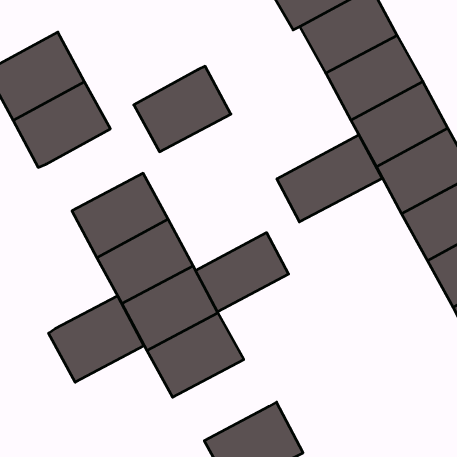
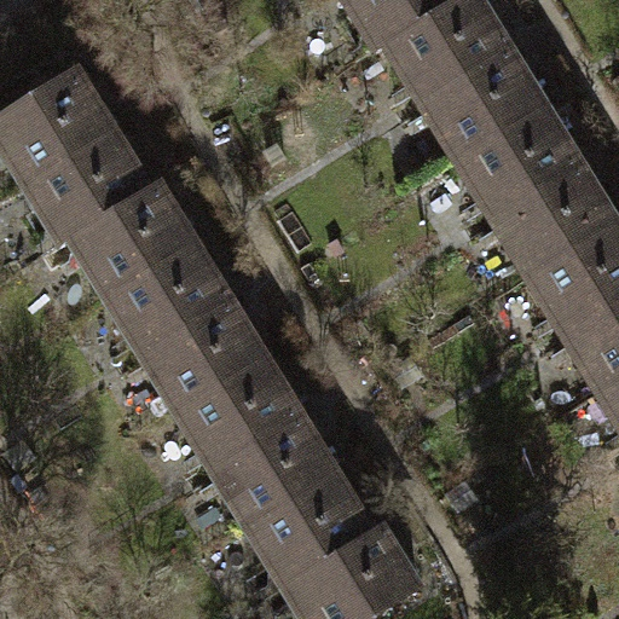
building: [134,66,231,152] -> [71,184,196,296]
building: [277,135,382,222] -> none
building: [195,233,289,312] -> none
building: [49,296,144,382] -> none
building: none -> [249,474,372,585]

